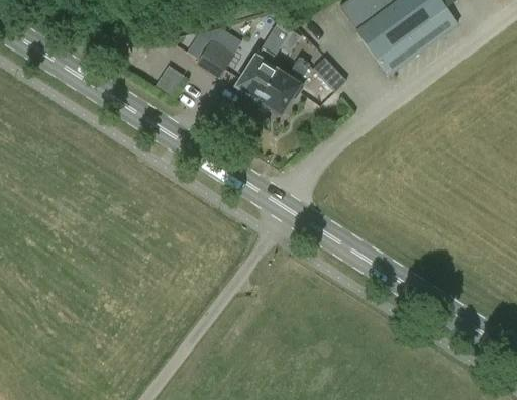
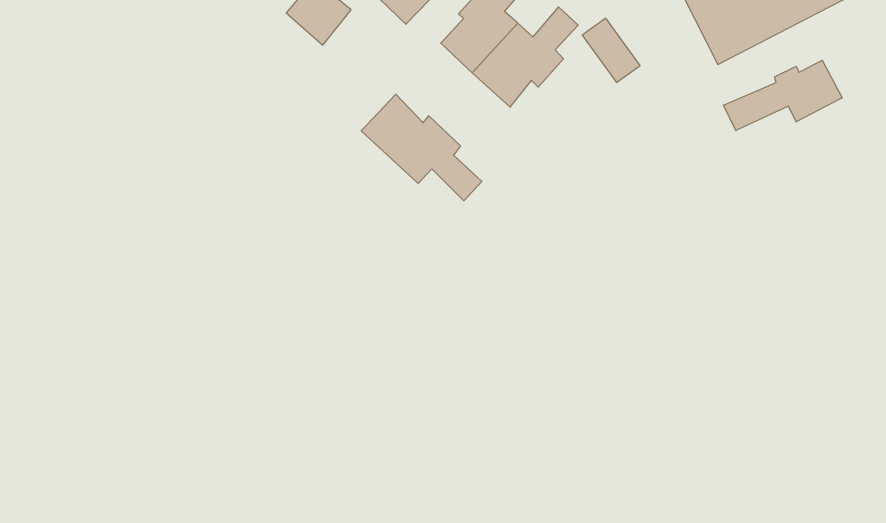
building: none -> [724,60,842,131]
building: none -> [361,94,482,201]

